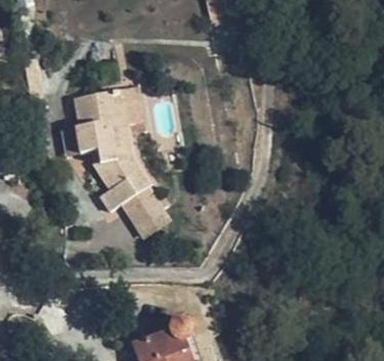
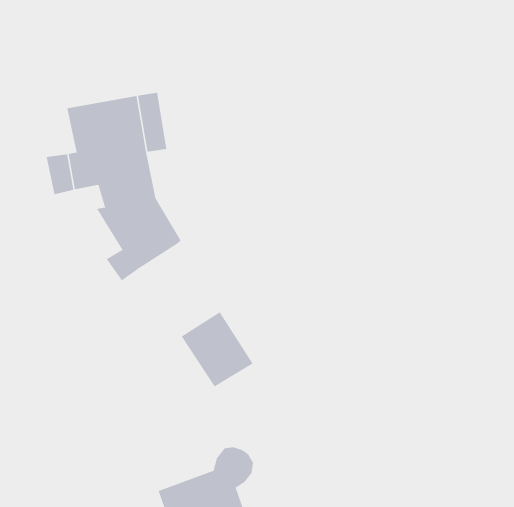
building: [121,186,168,235] -> [181,311,253,387]

